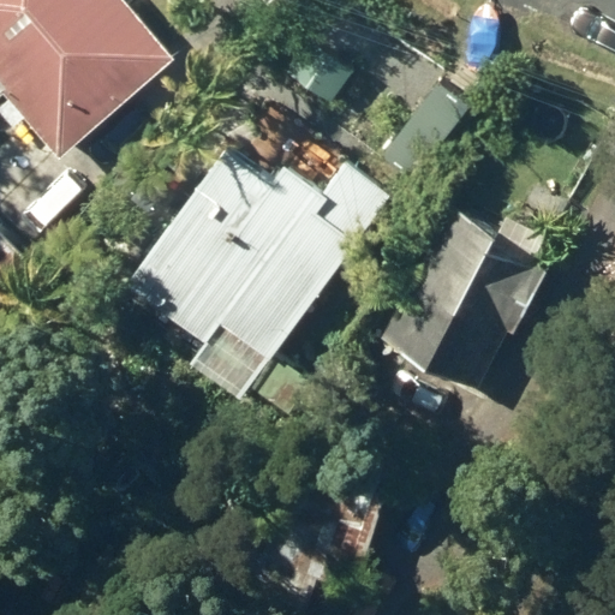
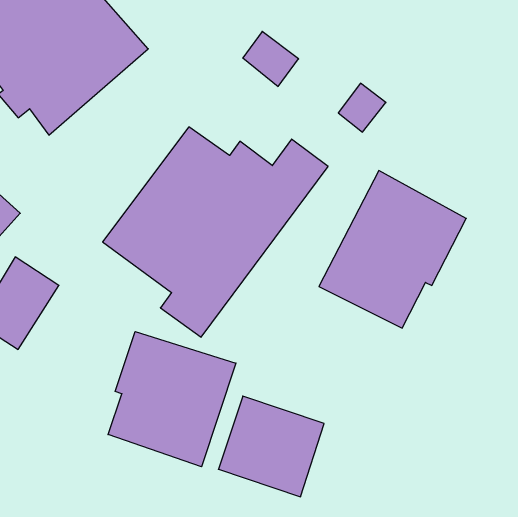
building: none -> [108,332,236,467]

